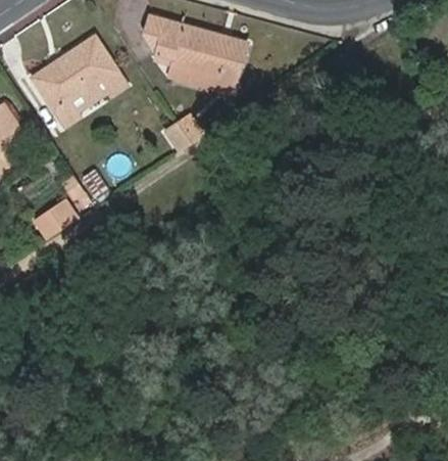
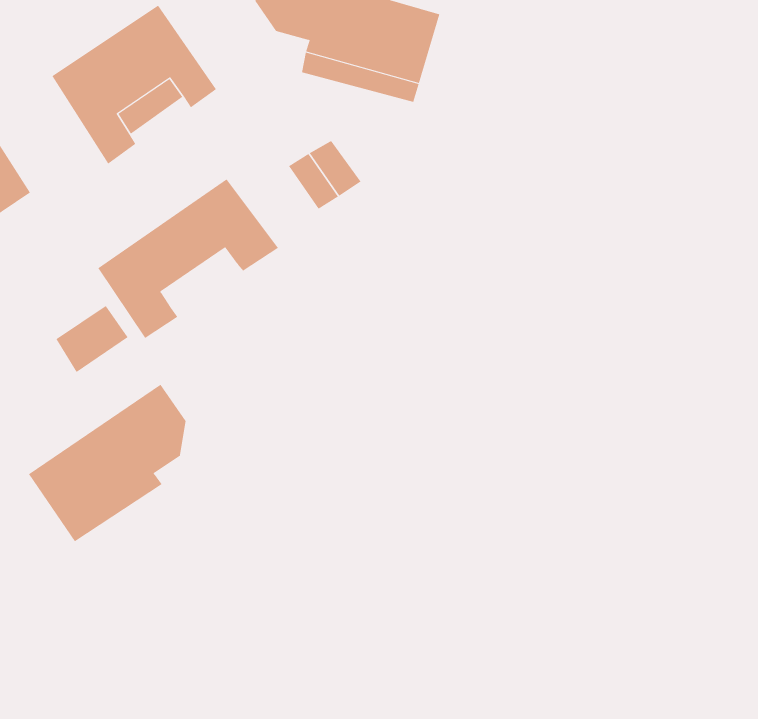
building: none -> [97,178,279,339]
building: none -> [28,384,186,542]

